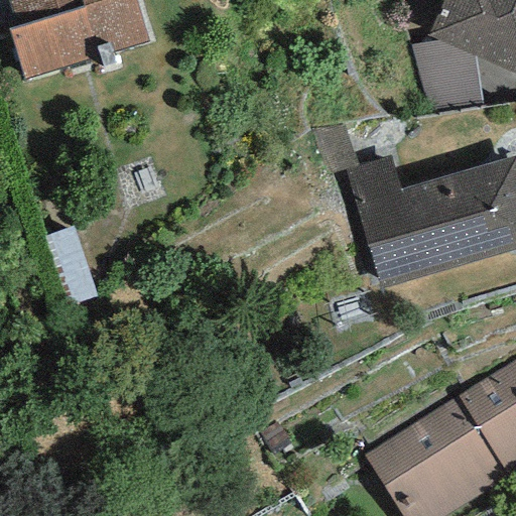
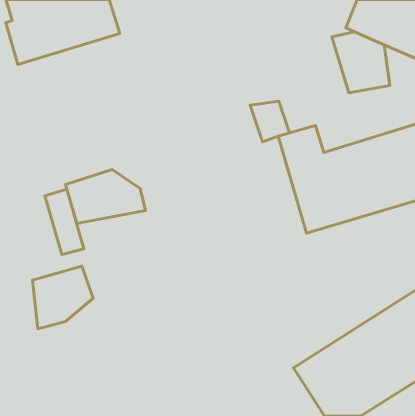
building: none -> [65,169,146,223]
building: none -> [33,266,93,329]

